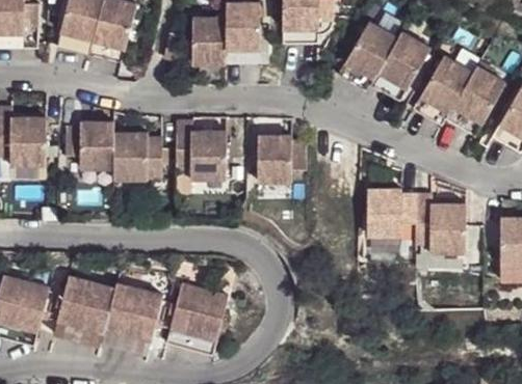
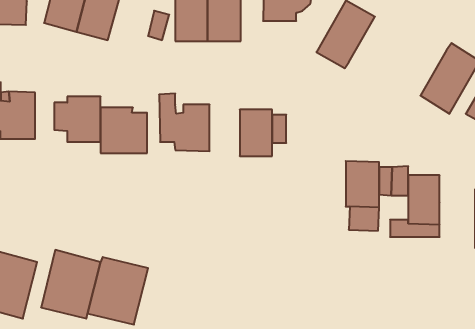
building: [370,31,432,102] -> none
building: [412,55,471,126] -> none
building: [167,284,228,354] -> none

